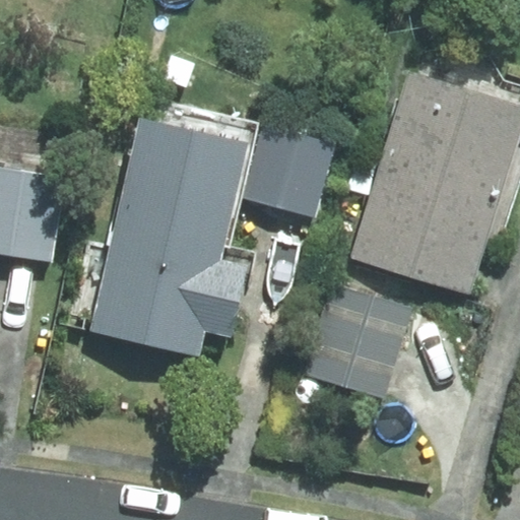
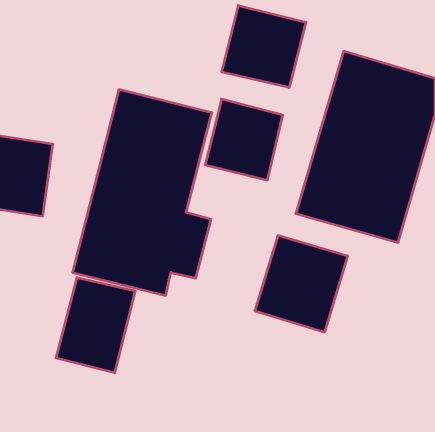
building: none -> [222,5,306,88]
building: none -> [56,278,135,373]

